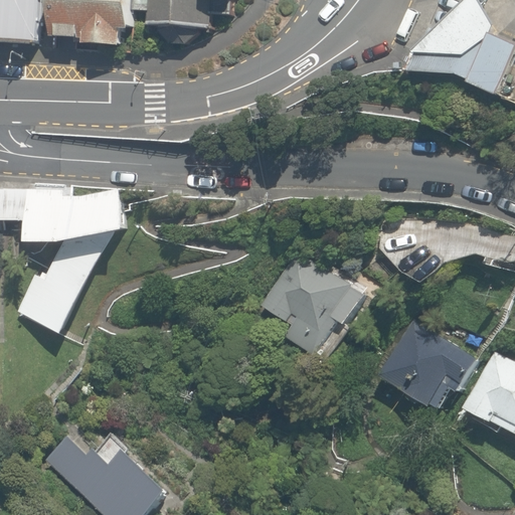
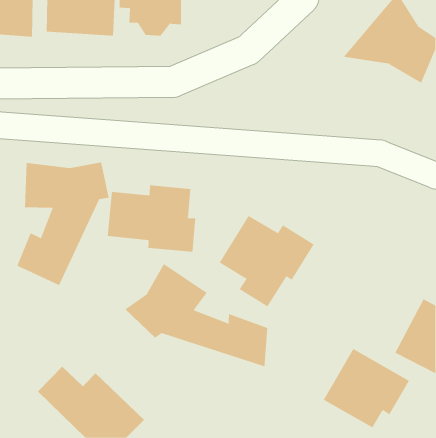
building: none -> [107,185,196,253]
building: none -> [125,263,268,367]
building: [375,318,477,411] -> [323,348,410,428]

